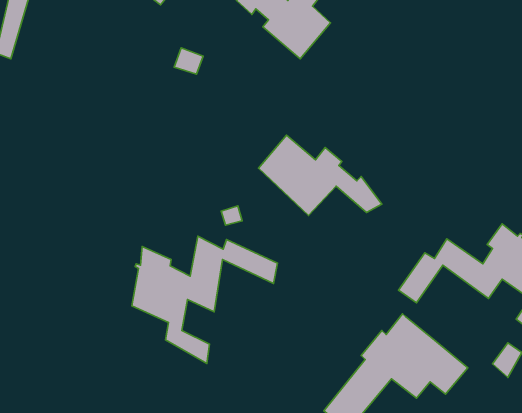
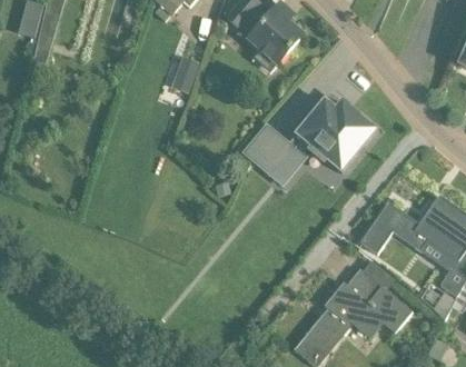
building: none -> [297,102,380,179]
building: [132,236,277,364] -> none

